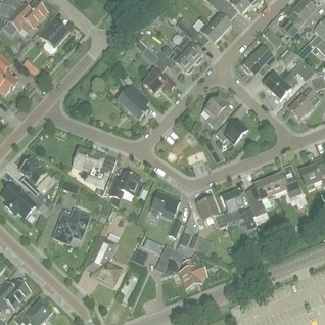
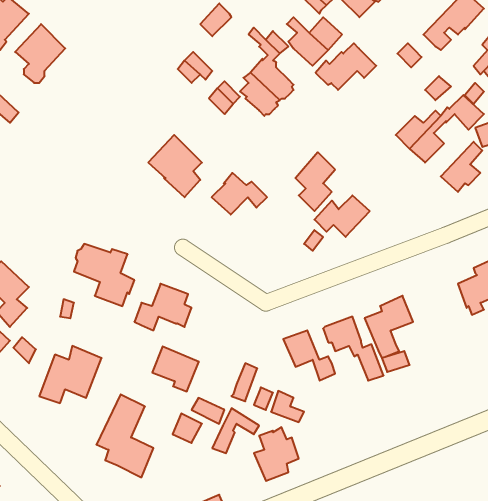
building: [240,47,276,75] -> [316,43,376,90]
building: [142,68,175,93] -> [212,173,267,215]
building: [267,173,306,206] -> none
building: [151,191,179,218] -> [152,346,199,391]

